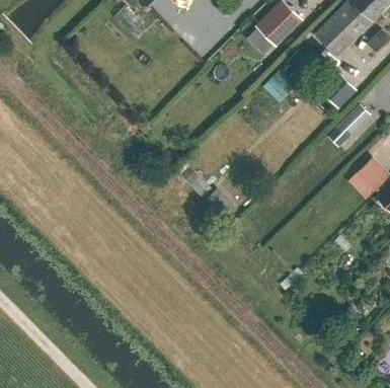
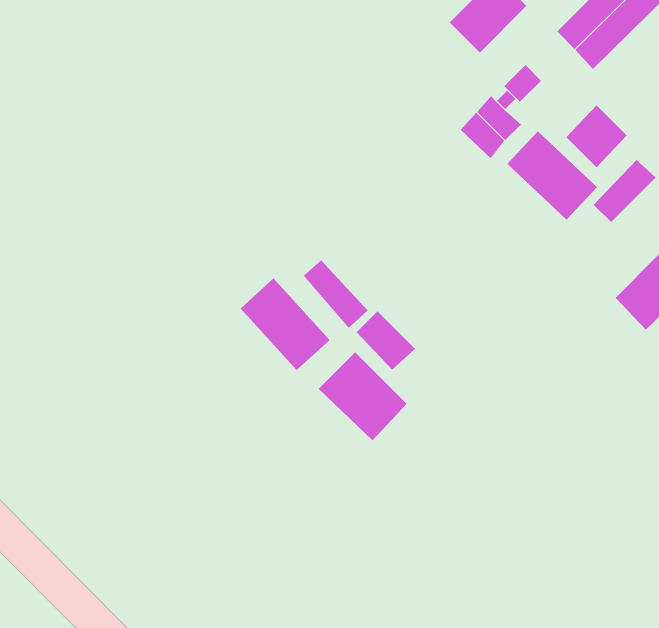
building: none -> [506,131,598,221]
building: none -> [240,278,331,371]
building: none -> [318,351,408,441]

